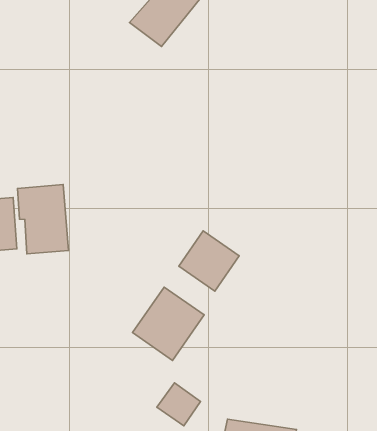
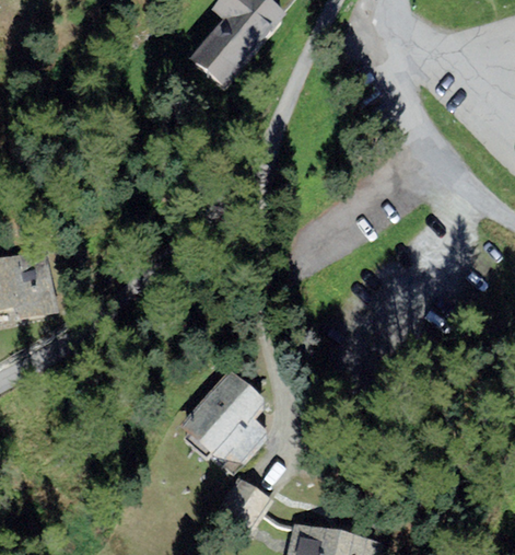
building: [17,184,68,254] -> none
building: [179,231,239,291] -> none

